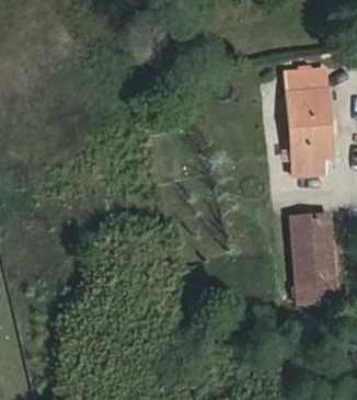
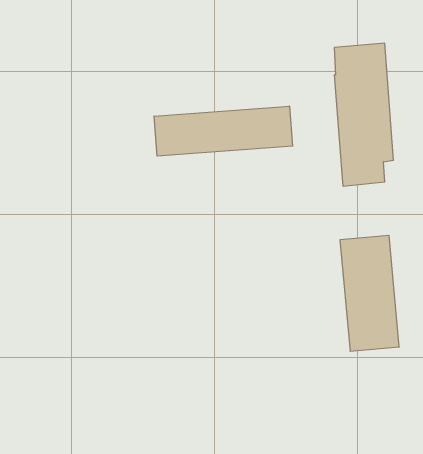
building: none -> [154,106,293,156]

